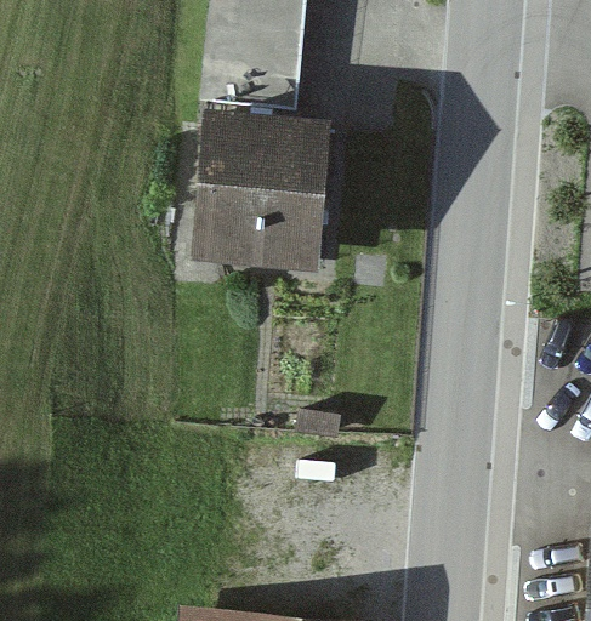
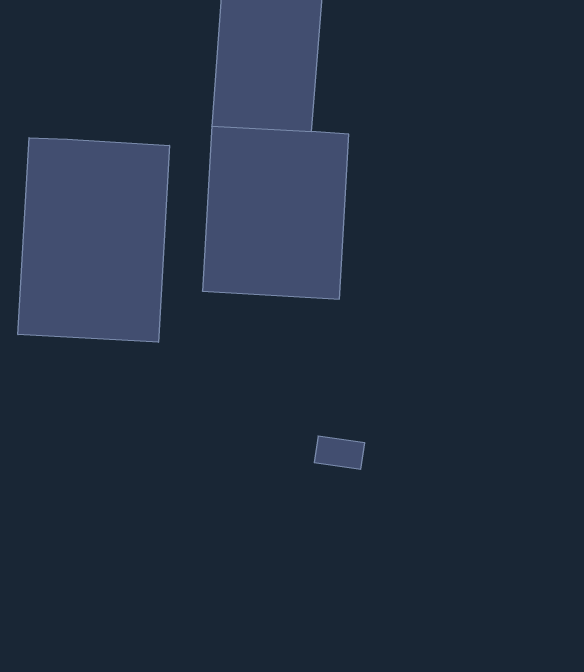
building: none -> [18,138,169,342]

